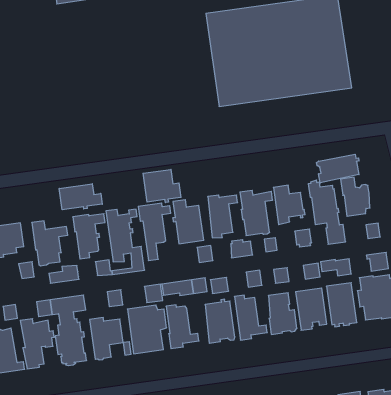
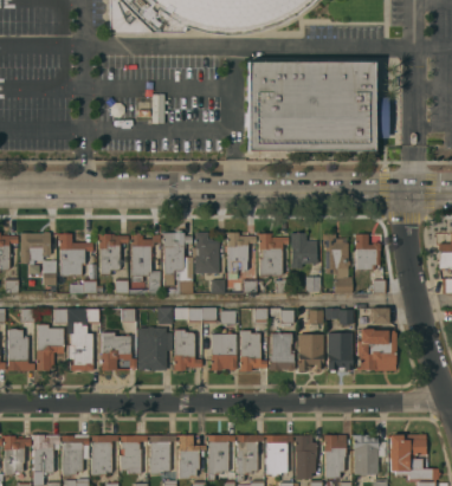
building: [316,154,359,183] -> none
building: [143,169,181,203] -> none
building: [59,184,102,210] -> none

